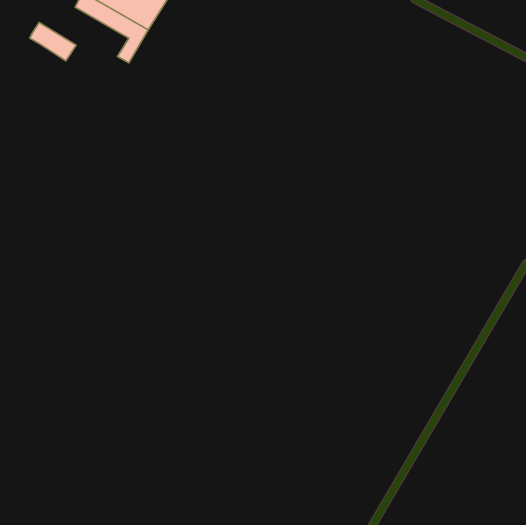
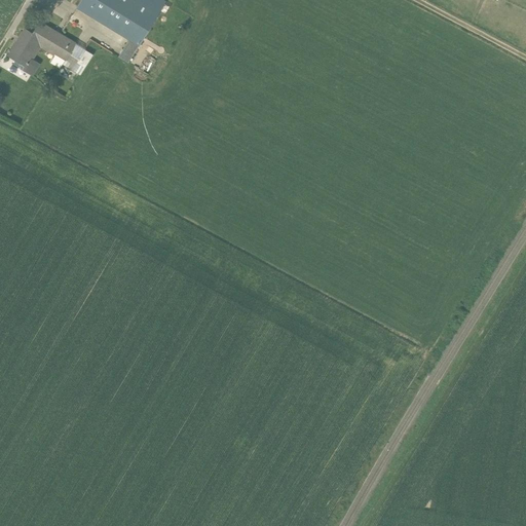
building: none -> [7,28,40,74]
building: none -> [64,45,91,74]

